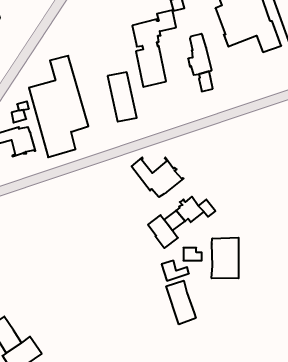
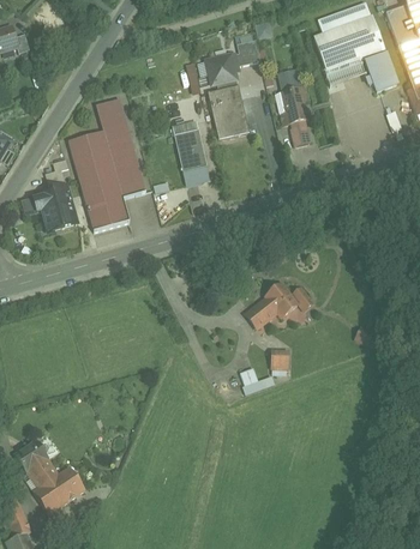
building: [132,157,184,197] -> none
building: [148,215,178,248] -> none
building: [212,238,239,278] -> none
building: [166,281,196,324] -> none

